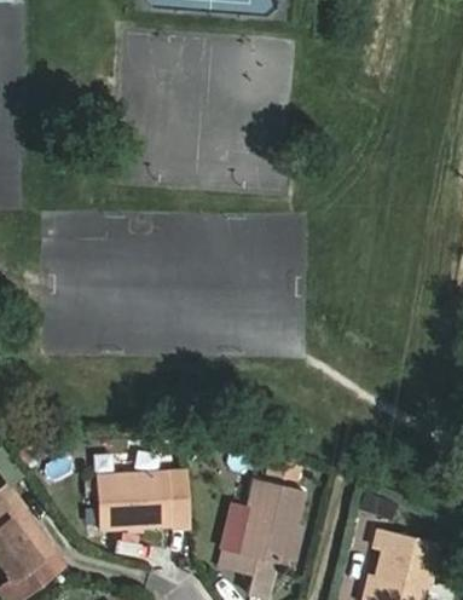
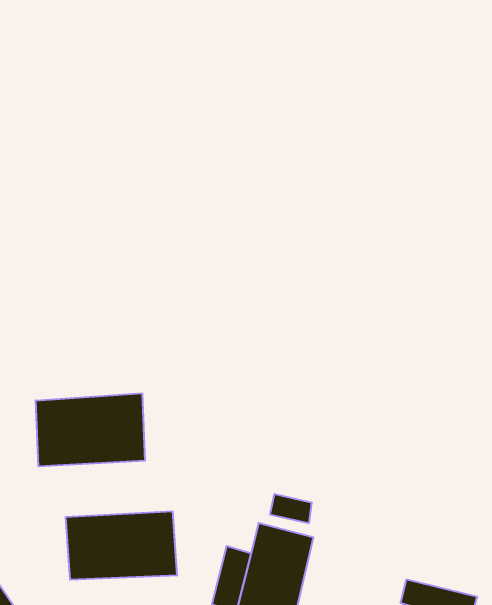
building: none -> [36,393,145,466]

